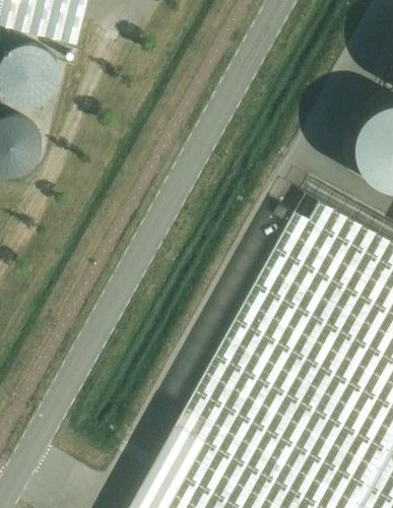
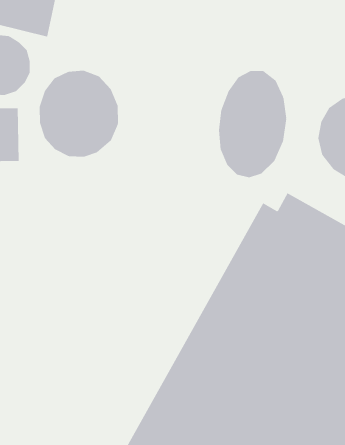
building: none -> [39,70,118,158]
building: none -> [218,70,287,178]

